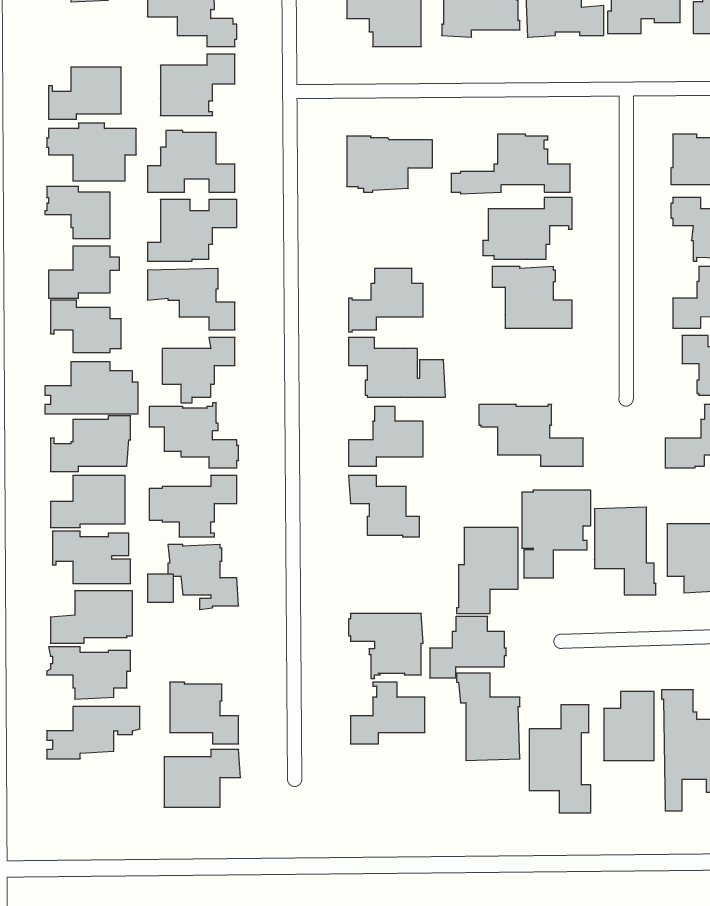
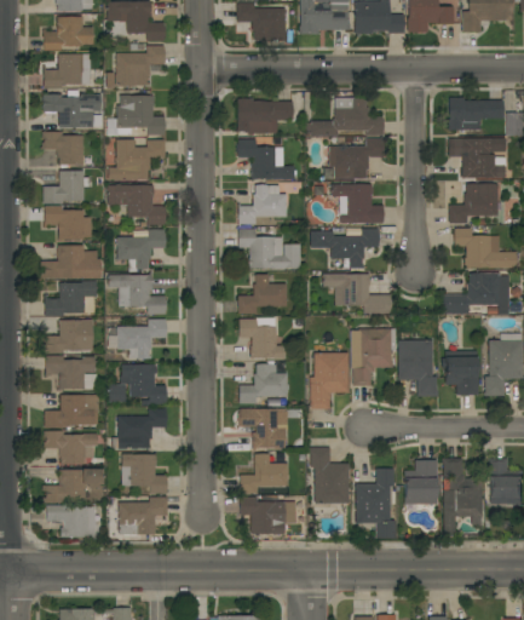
building: none -> [44,17,93,51]
building: none -> [238,140,294,182]
building: none -> [311,229,379,269]
building: none -> [113,408,166,449]
building: [430,616,506,678] -> [240,364,289,404]
building: none -> [241,496,286,535]
building: none -> [46,505,96,538]

